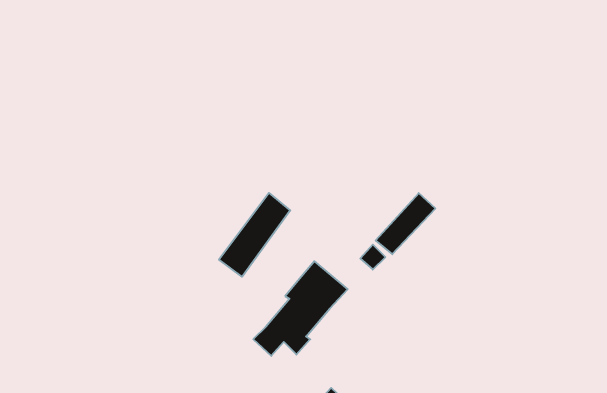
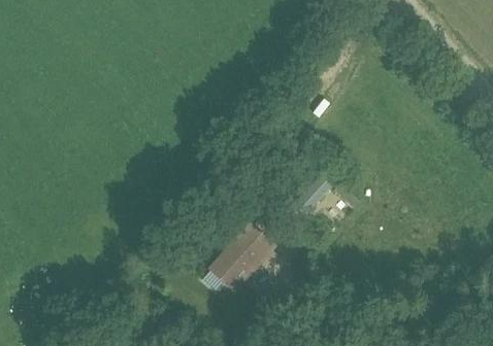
building: [219,193,290,277] -> none

